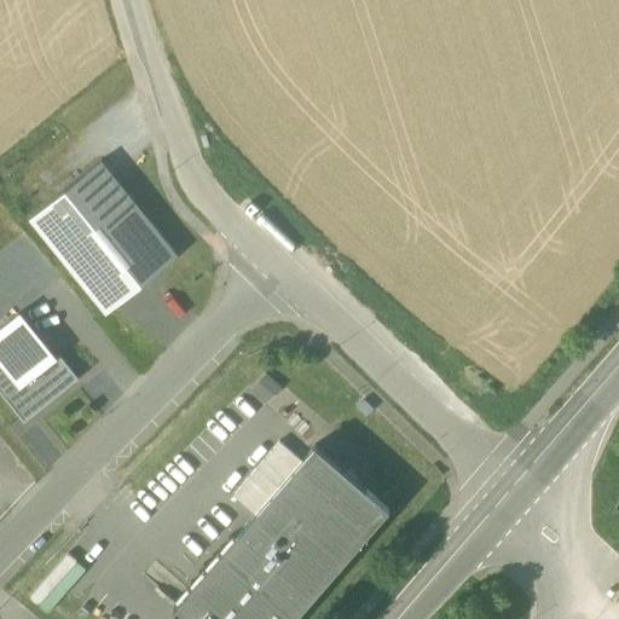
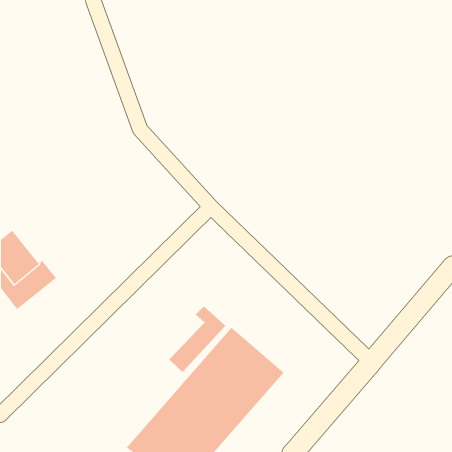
building: [29,162,178,314] -> none

